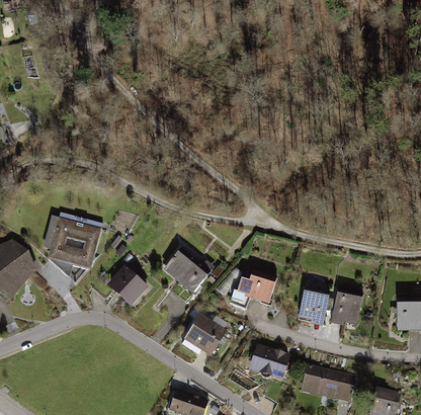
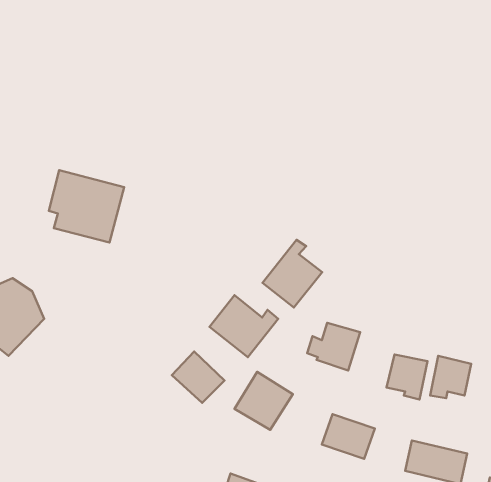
building: none -> [262,240,322,308]
building: [44,211,101,266] -> [49,170,124,243]
building: [107,264,148,304] -> [172,351,225,403]

